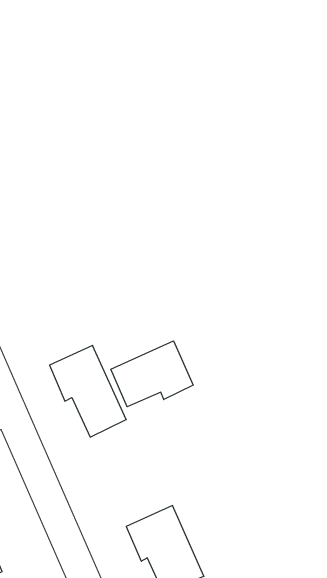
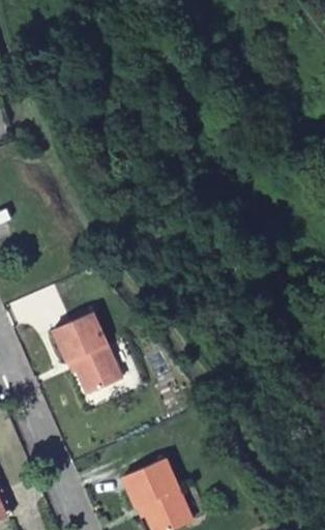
building: [111,341,193,407] -> none

